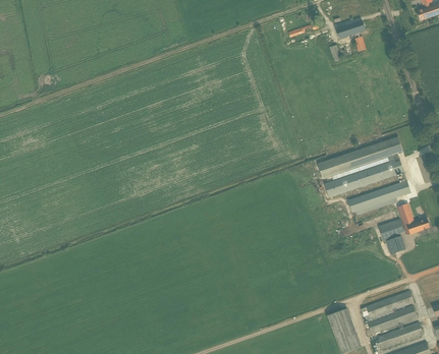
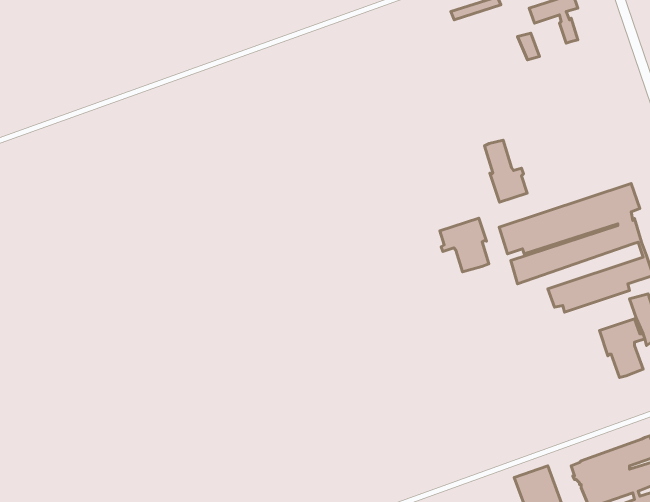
building: none -> [484,140,527,202]
building: none -> [440,218,489,272]

